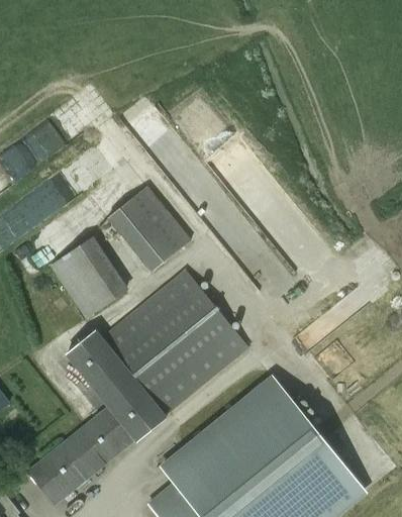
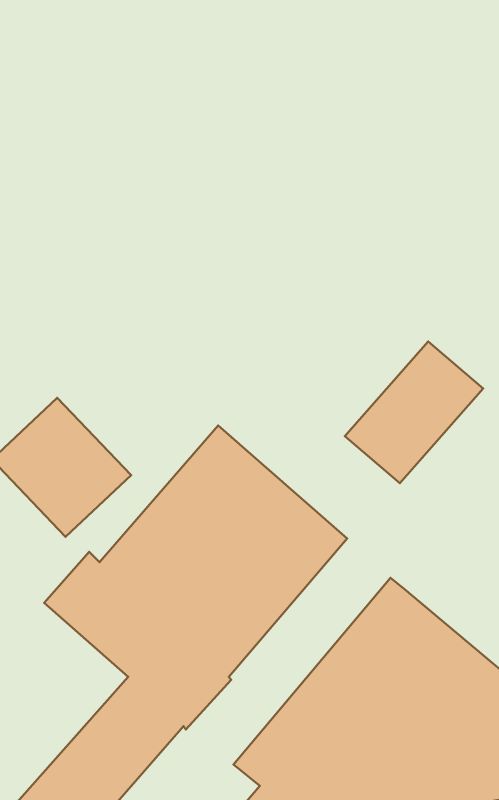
building: [110,189,192,273] -> none
building: none -> [345,342,483,483]

